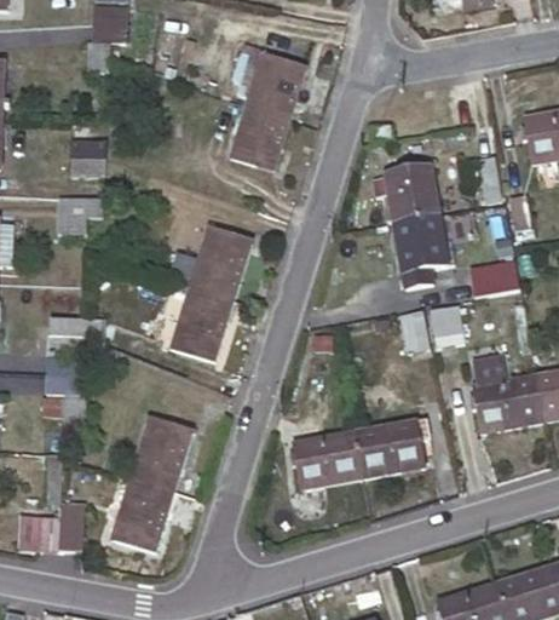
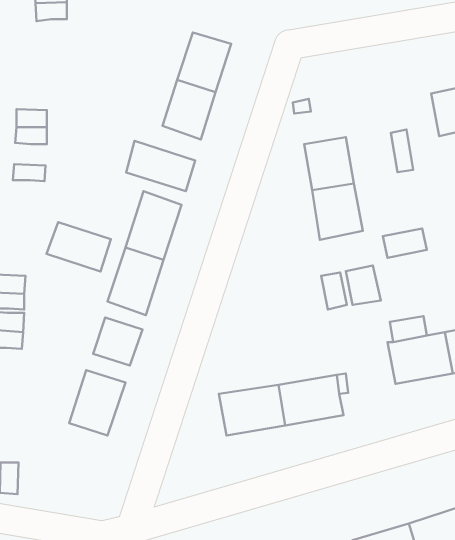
building: none -> [126,141,195,191]
building: none -> [47,222,111,271]
building: none -> [93,317,142,365]
building: [111,473,172,549] -> none

